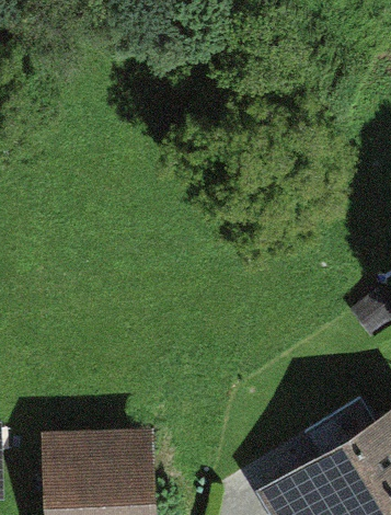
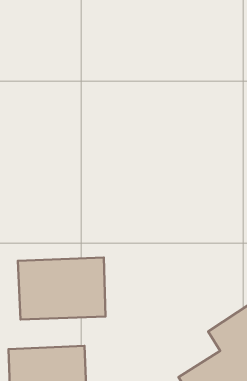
building: none -> [18,257,106,320]

